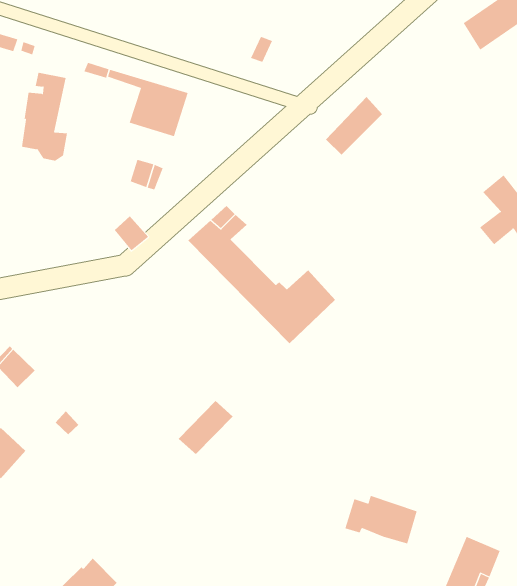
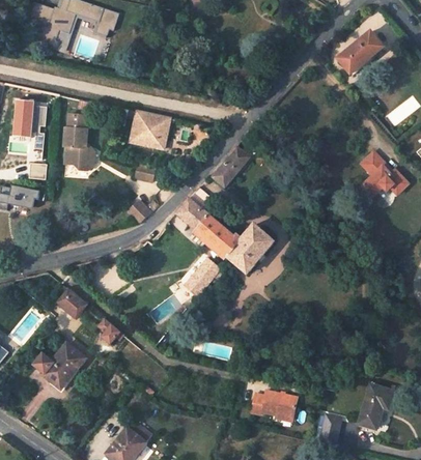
building: [325,96,383,156] -> [214,146,249,185]
building: [178,400,233,455] -> [186,258,220,294]
building: [344,495,417,544] -> [251,390,297,419]

